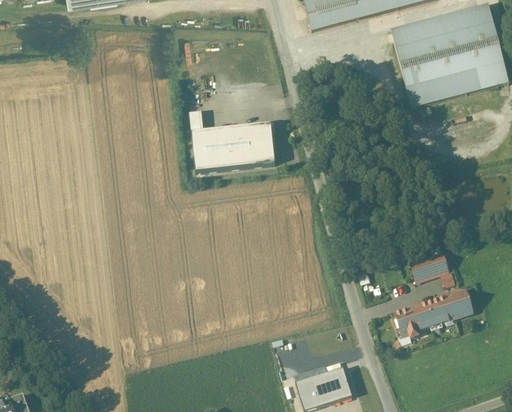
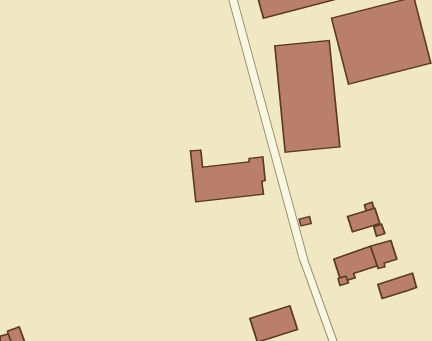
building: none -> [275,40,340,152]
building: [189,111,277,172] -> [191,150,265,202]
building: none -> [378,273,417,299]

